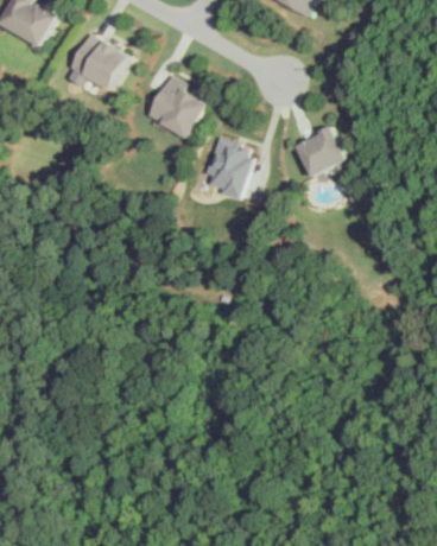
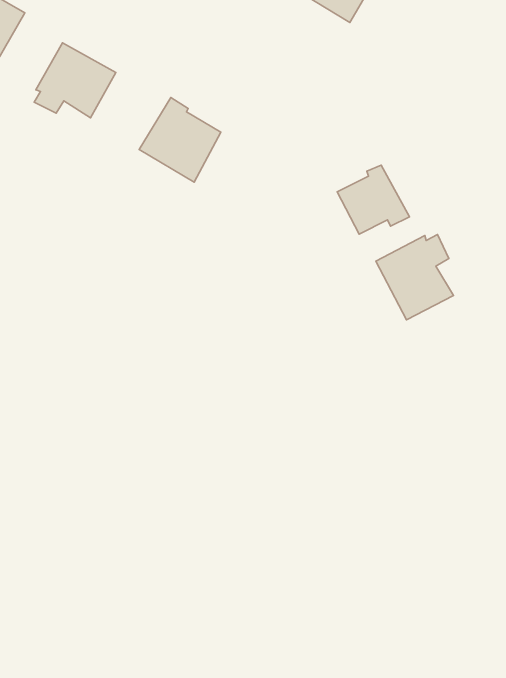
building: [204,136,253,199] -> none
building: none -> [376,234,453,320]

